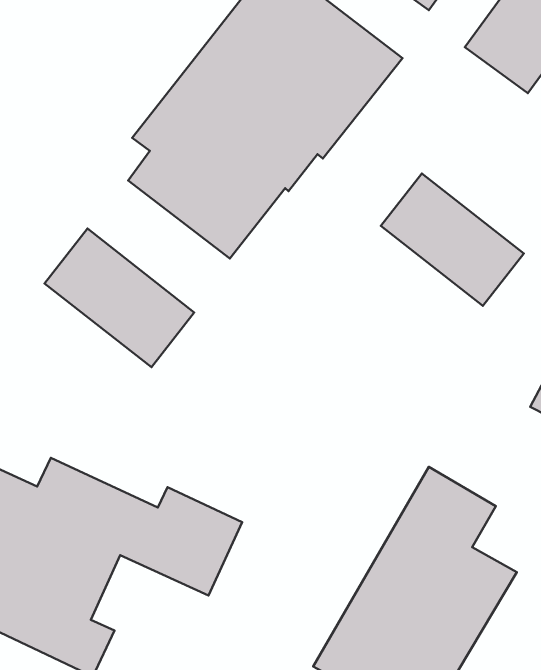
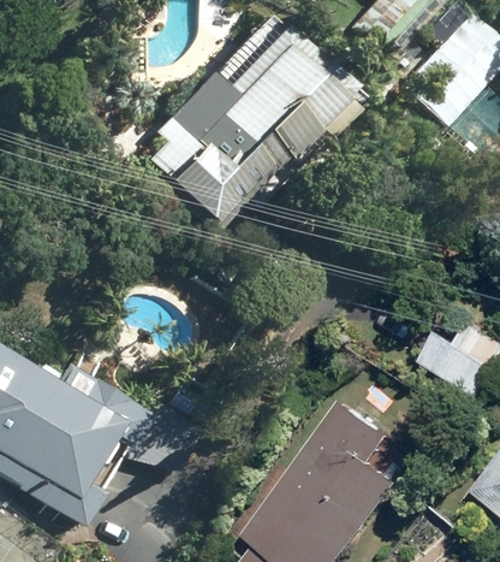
building: [381,173,524,306] -> none
building: [45,229,194,367] -> none

